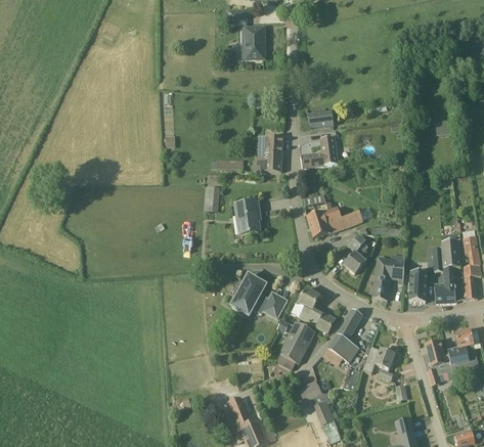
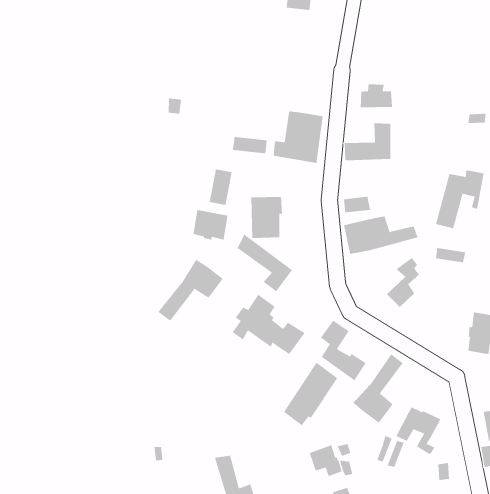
building: none -> [193,209,228,241]
building: none -> [237,233,293,292]
building: none -> [158,259,223,322]
building: [372,255,405,300] -> [435,170,484,229]

